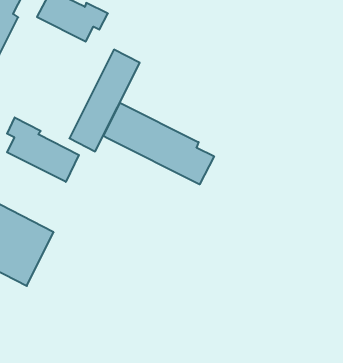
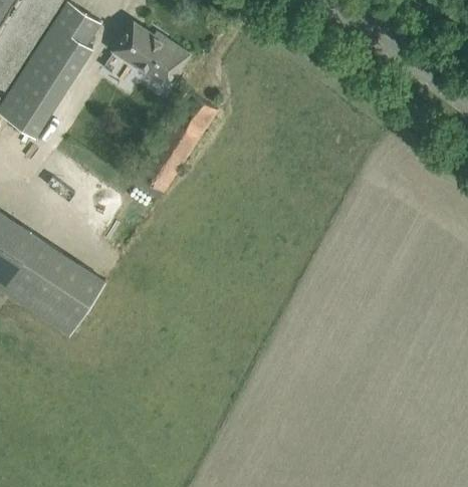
building: [104,103,214,184] -> none
building: [7,117,79,182] -> none

